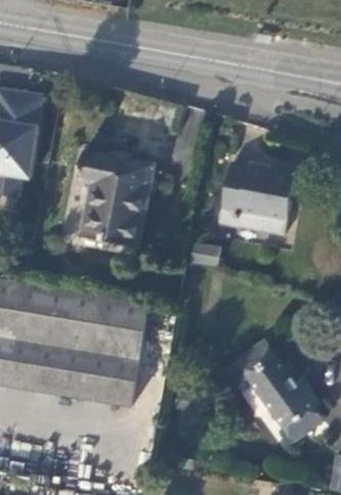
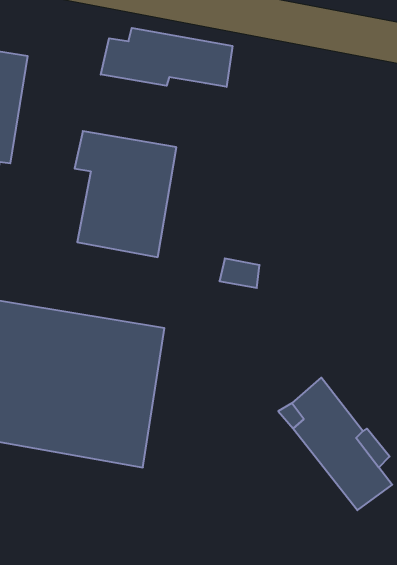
building: none -> [101,28,232,87]
building: [220,166,294,240] -> none

